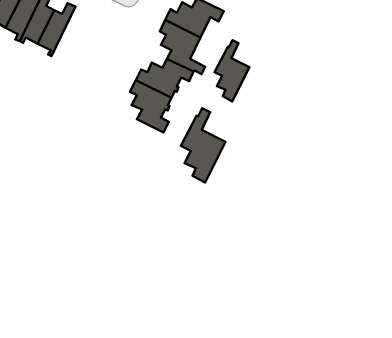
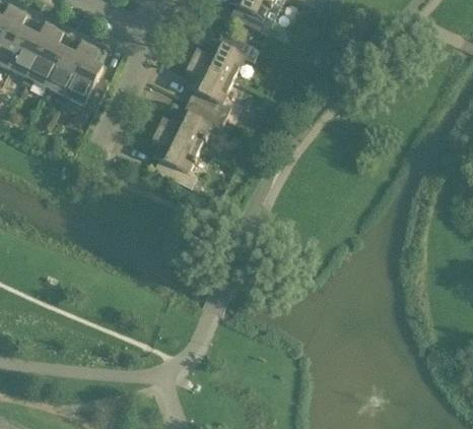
building: none -> [62,42,109,108]
building: [215,40,249,101] -> none
building: [181,108,226,182] -> none

